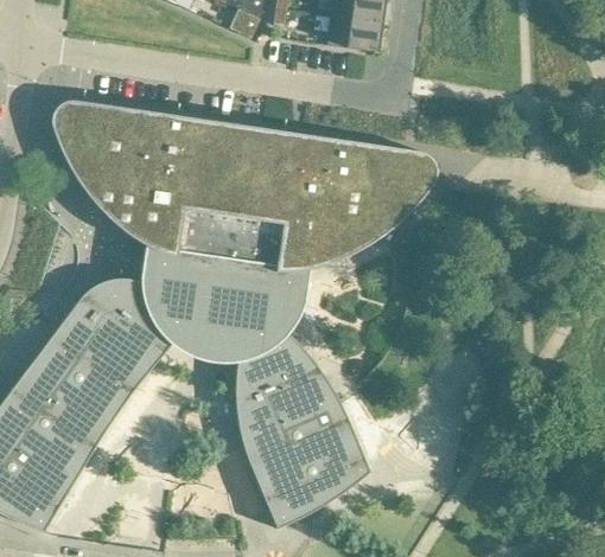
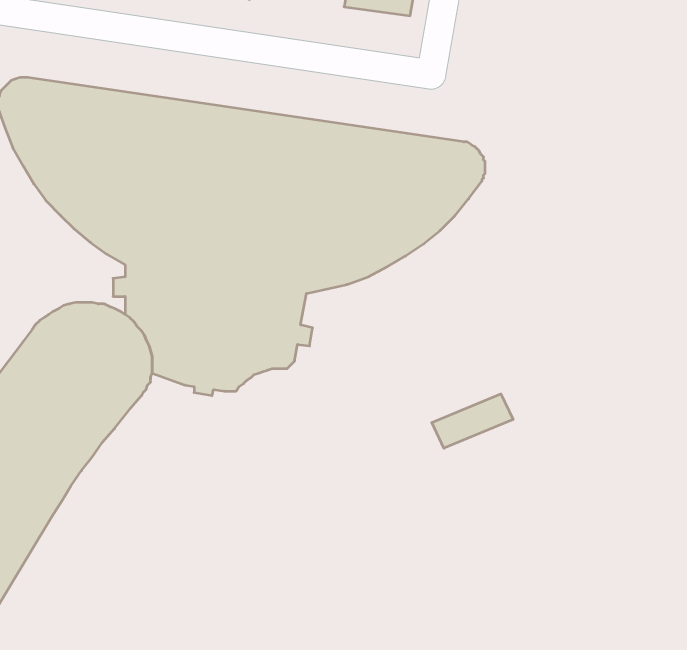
building: [235,331,369,529] -> none
building: none -> [432,394,513,448]

